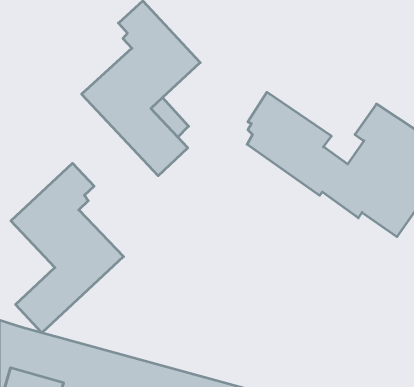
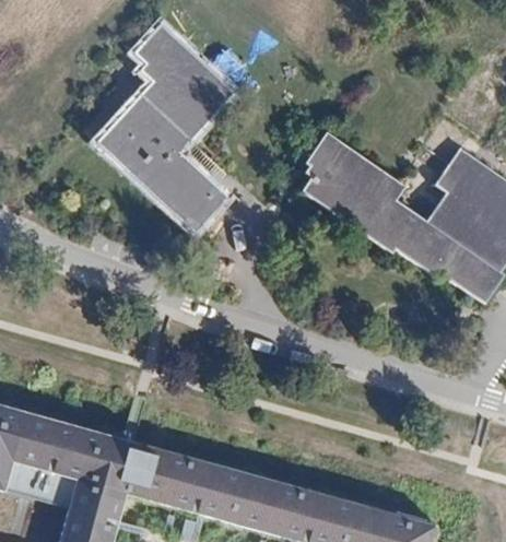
building: [11,163,124,333] -> none

